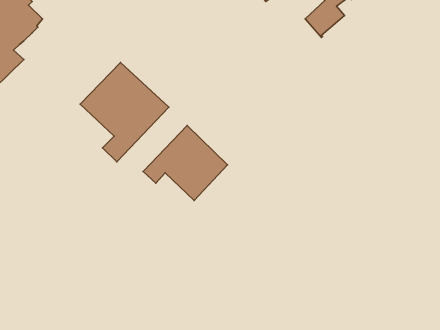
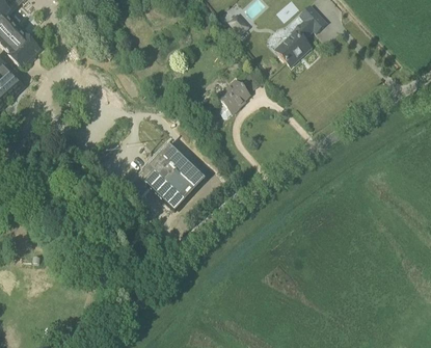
building: none -> [218,77,249,113]
building: [80,62,169,162] -> none

